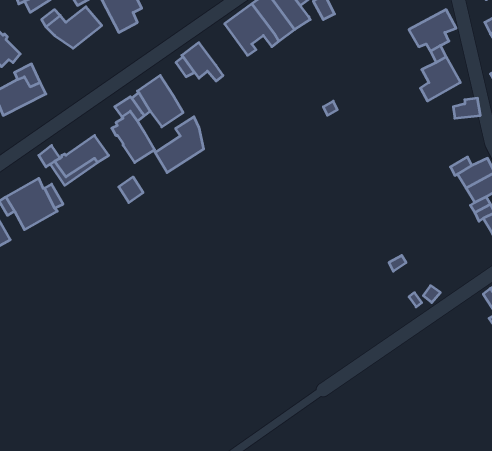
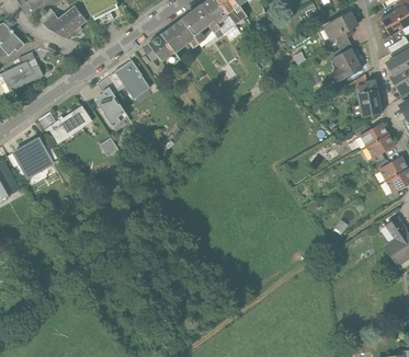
building: none -> [161,20,198,51]
building: none -> [357,90,380,116]
building: [155,117,204,173] -> none

